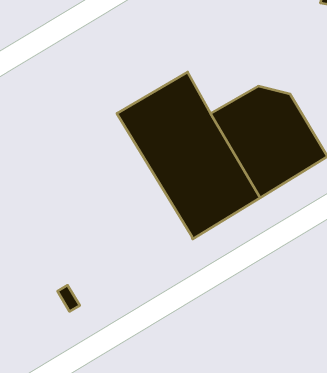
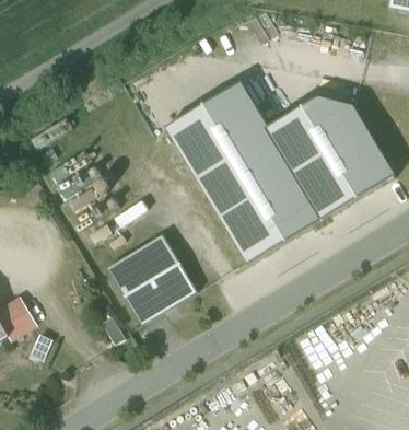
building: none -> [106,232,197,323]

